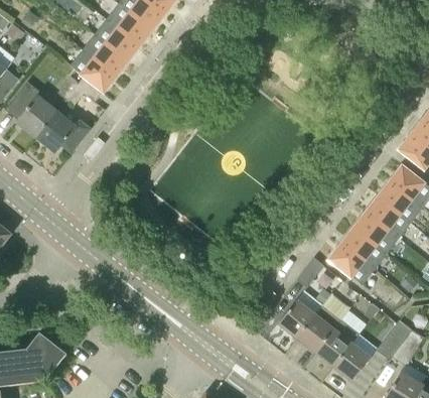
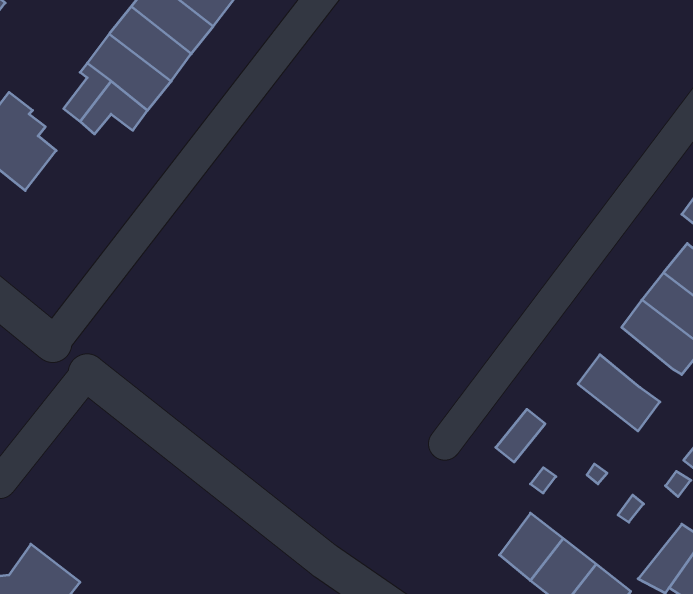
building: [36,109,92,152] -> none
building: [353,212,399,253] -> none
building: [328,243,375,285] -> none
building: [279,299,315,338] -> none

